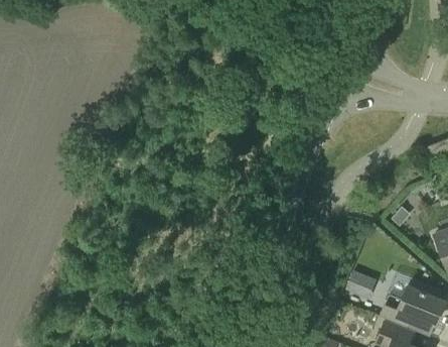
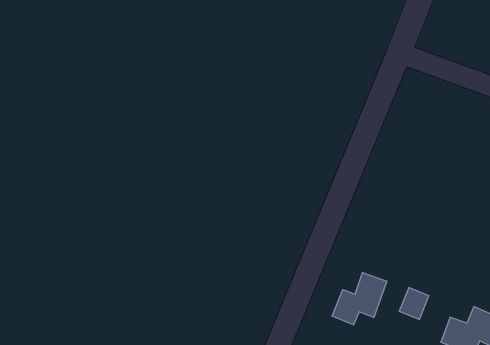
building: none -> [332,272,387,325]

